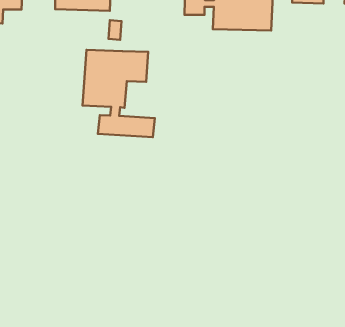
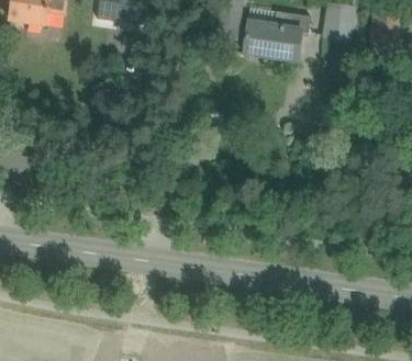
building: [83,50,155,137] -> none

